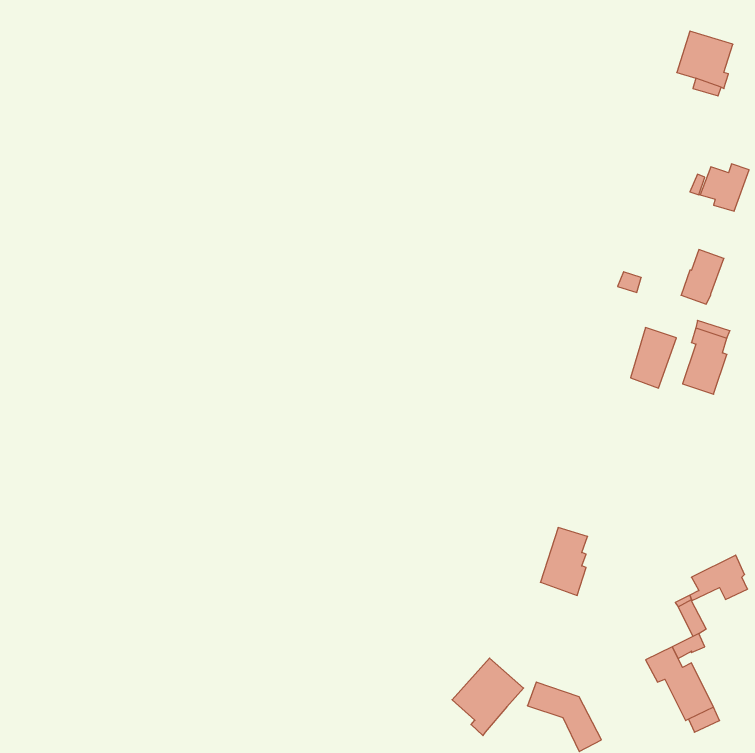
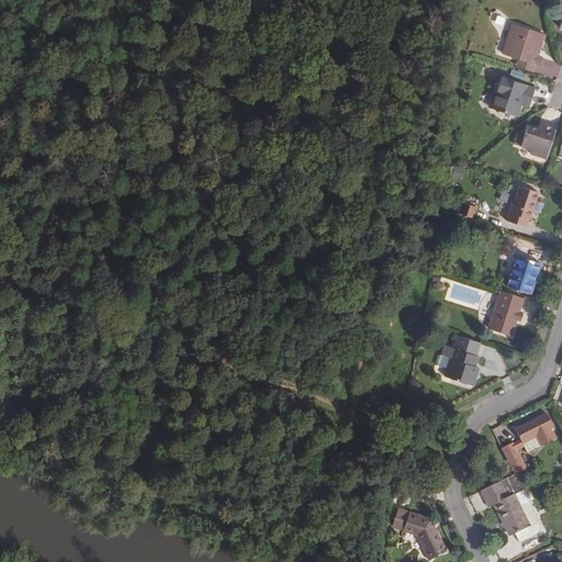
building: none -> [491,76,535,116]
building: [631,328,676,388] -> [490,290,524,335]
building: [540,528,588,595] -> [445,335,480,385]
building: [452,658,524,736] -> none

